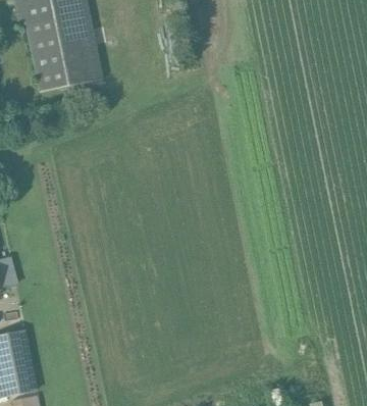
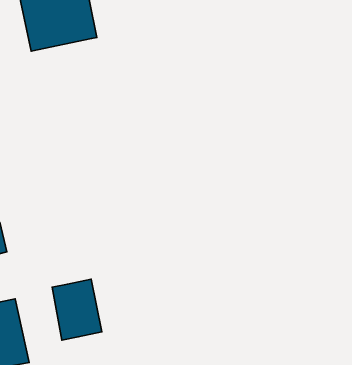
building: none -> [52,279,102,340]

